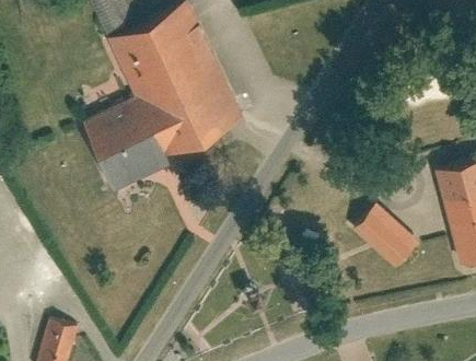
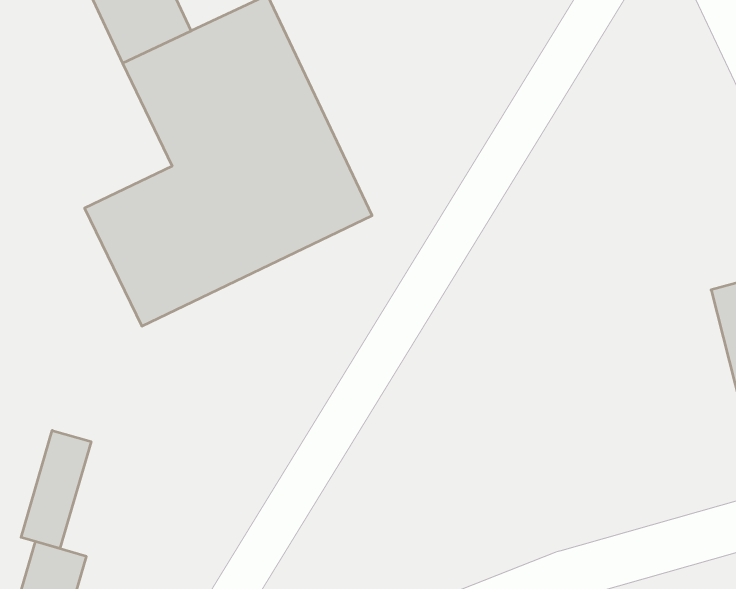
building: [352,202,420,269] -> none
building: none -> [21,430,91,548]

